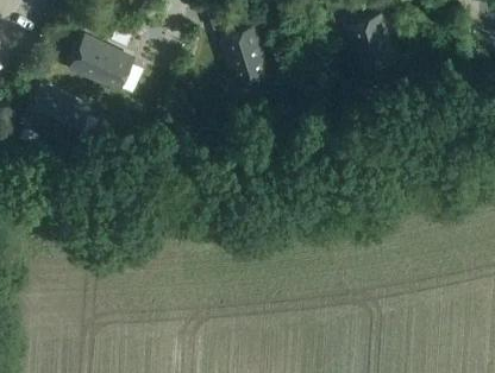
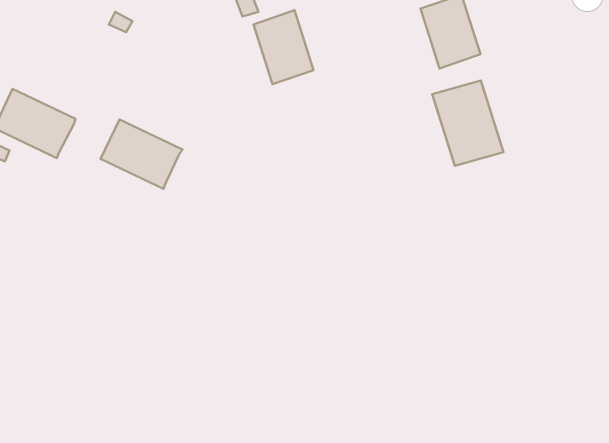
building: [70,36,132,88] -> [101,119,182,189]
building: none -> [432,80,503,166]

